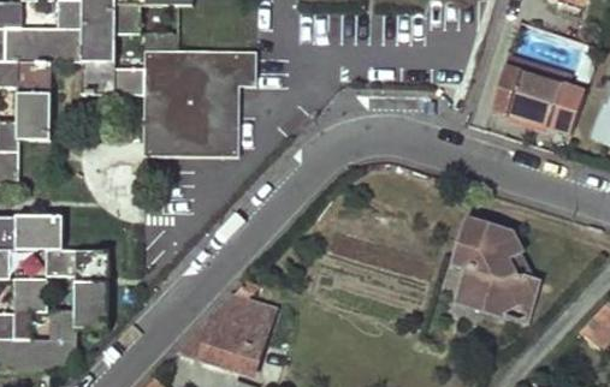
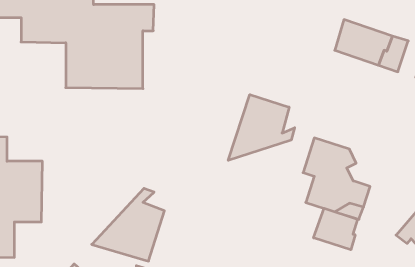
building: none -> [228,95,295,160]
building: none -> [314,208,357,250]

